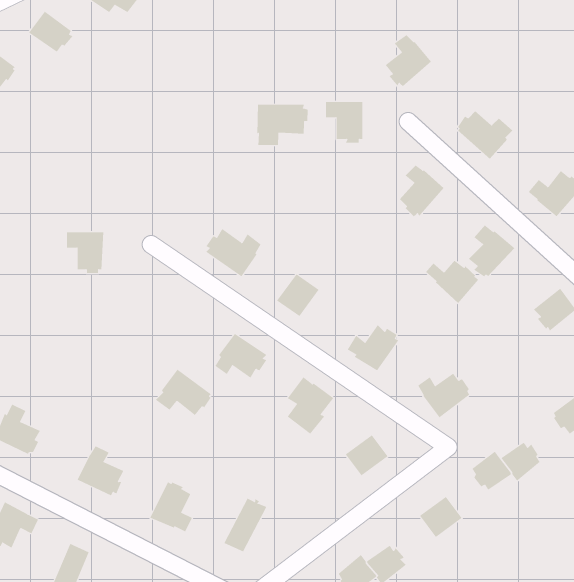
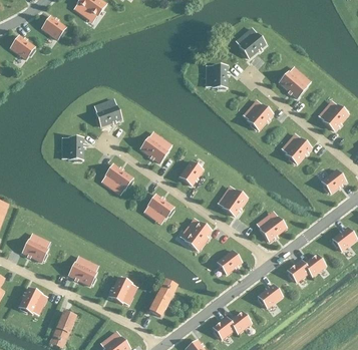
building: [257,104,308,146] -> none
building: none -> [95,98,120,125]
building: [425,260,479,304] -> none
building: [155,369,211,416] -> [101,163,132,190]

